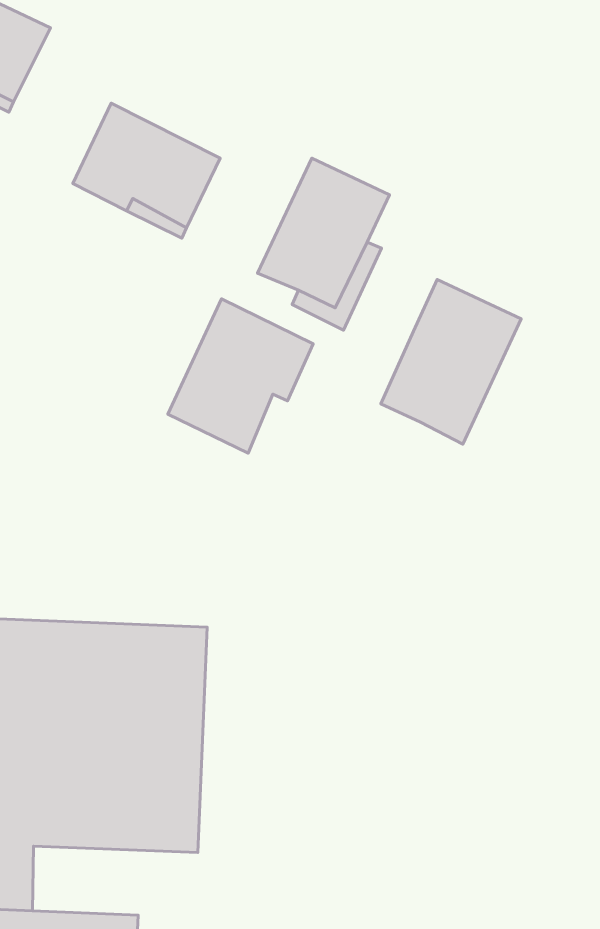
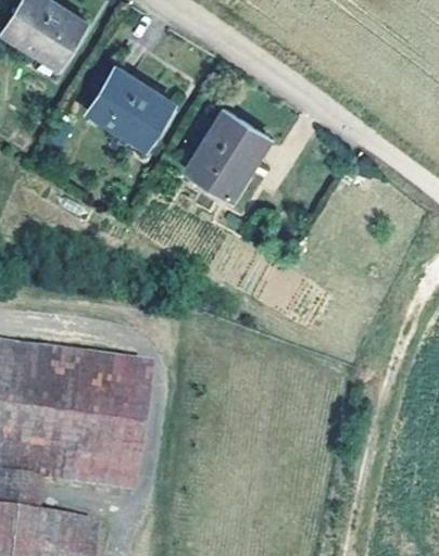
building: [381,280,521,444] -> none
building: [168,299,313,453] -> none

